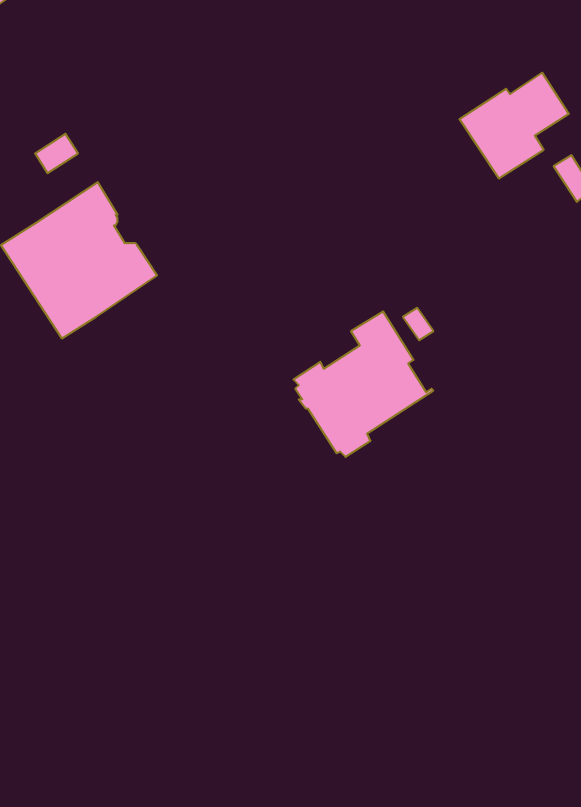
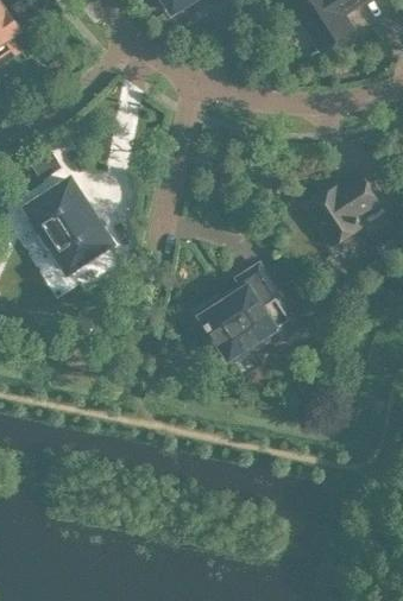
building: [459,73,569,178] -> [308,175,380,245]

